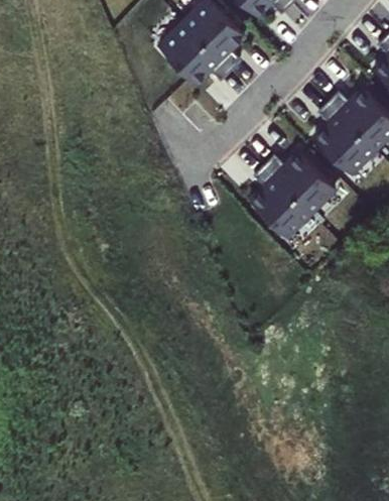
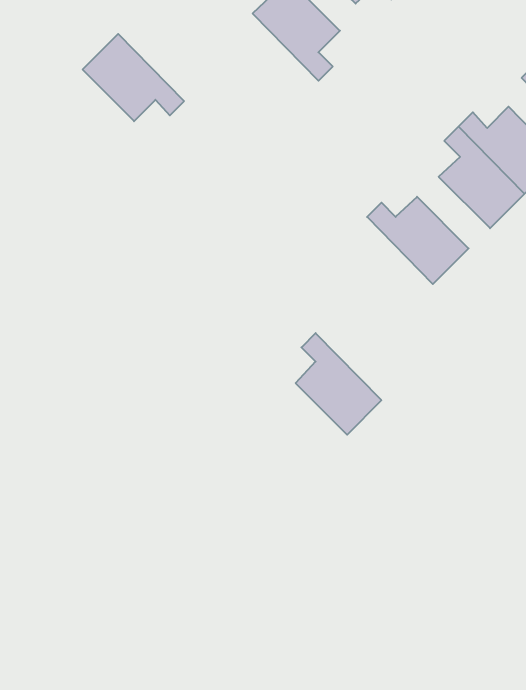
building: [158,23,230,85] -> [83,34,184,121]
building: [250,166,310,238] -> [296,333,381,435]

